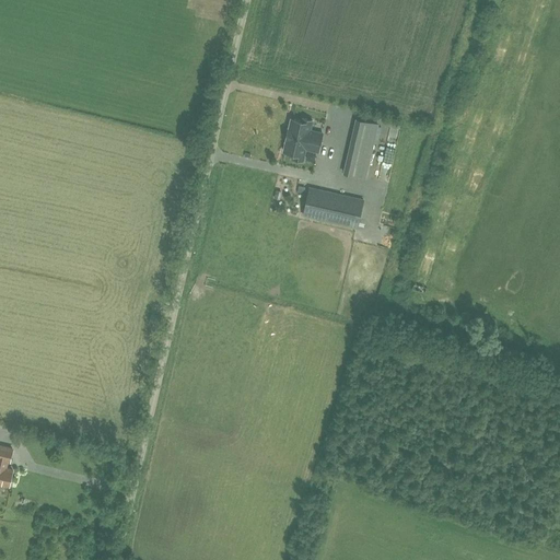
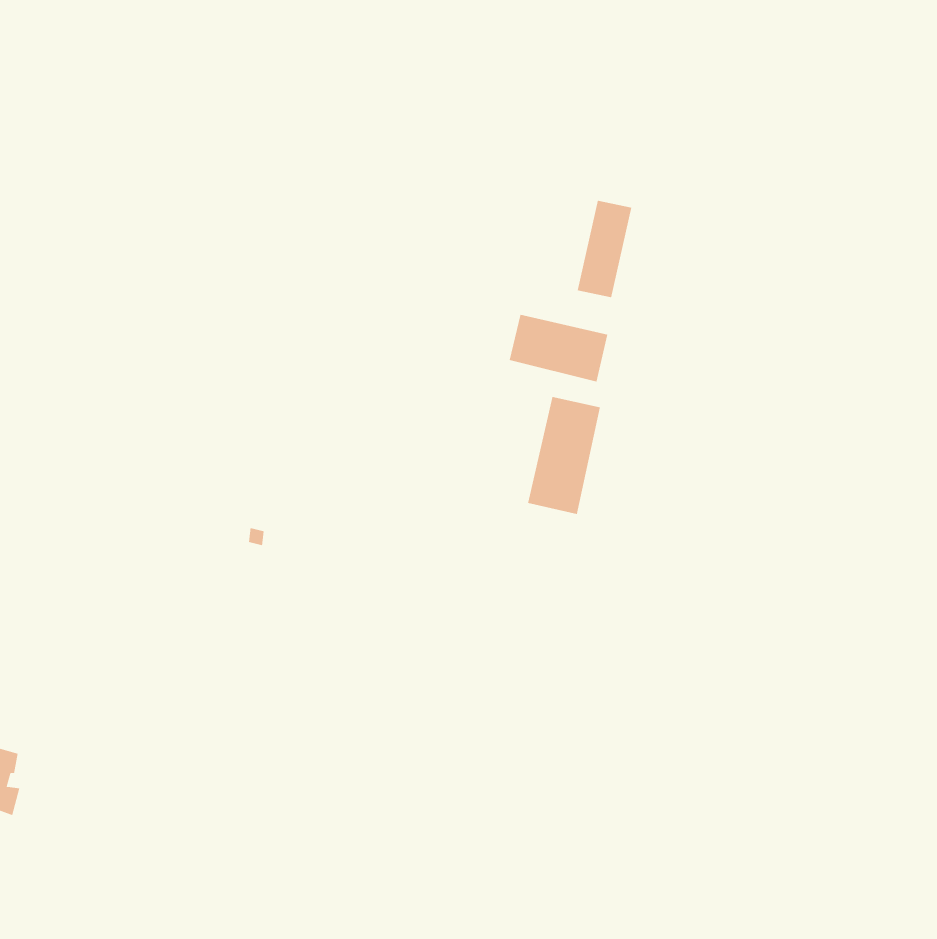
building: [282,118,322,161] -> none
building: none -> [527,396,600,515]

